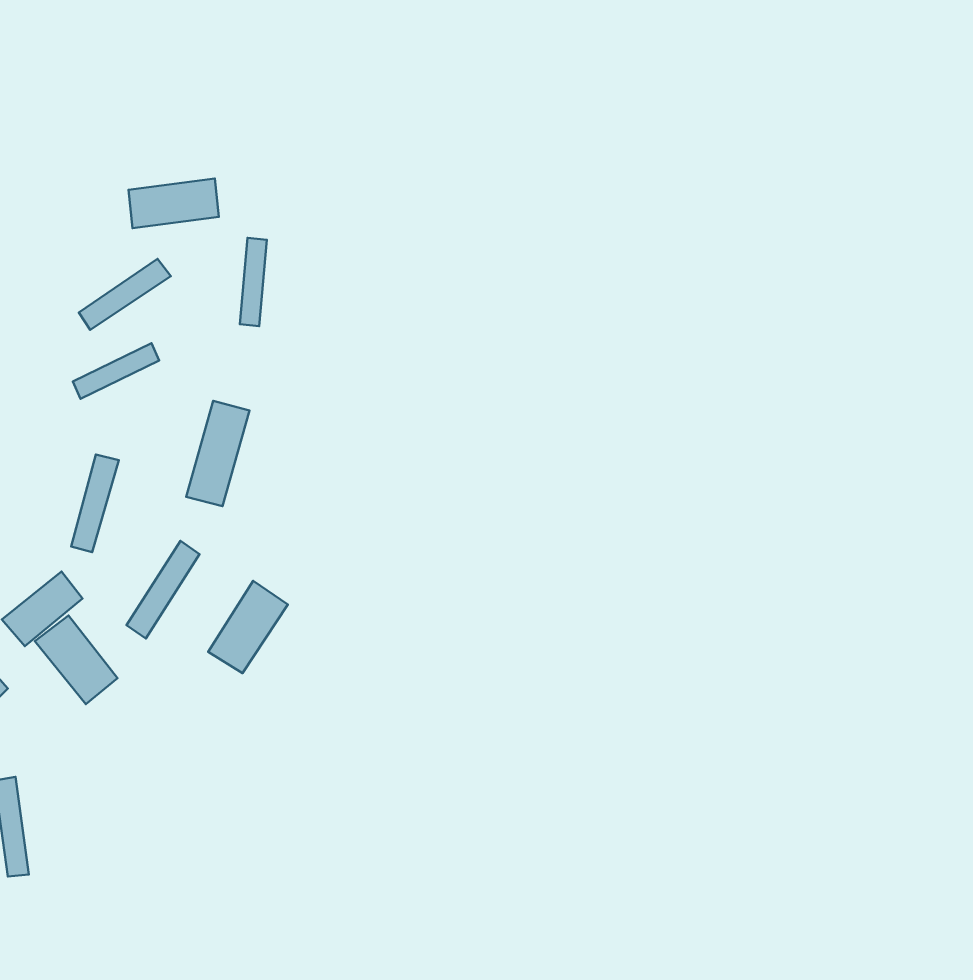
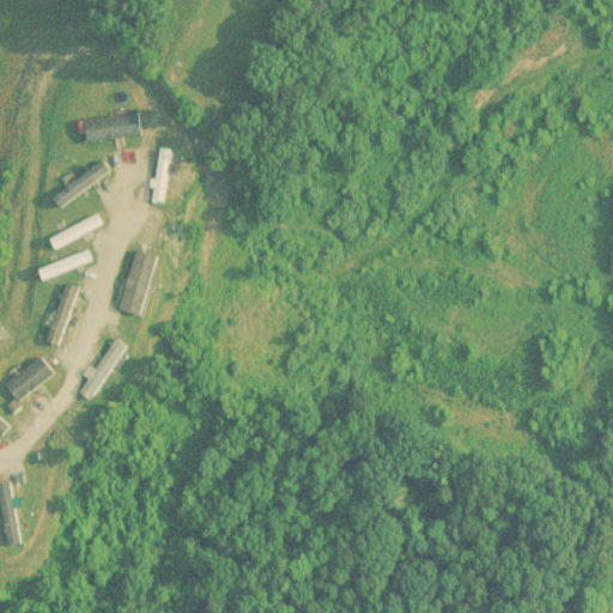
building: [208,581,288,673] -> none
building: [35,615,117,704] -> none

